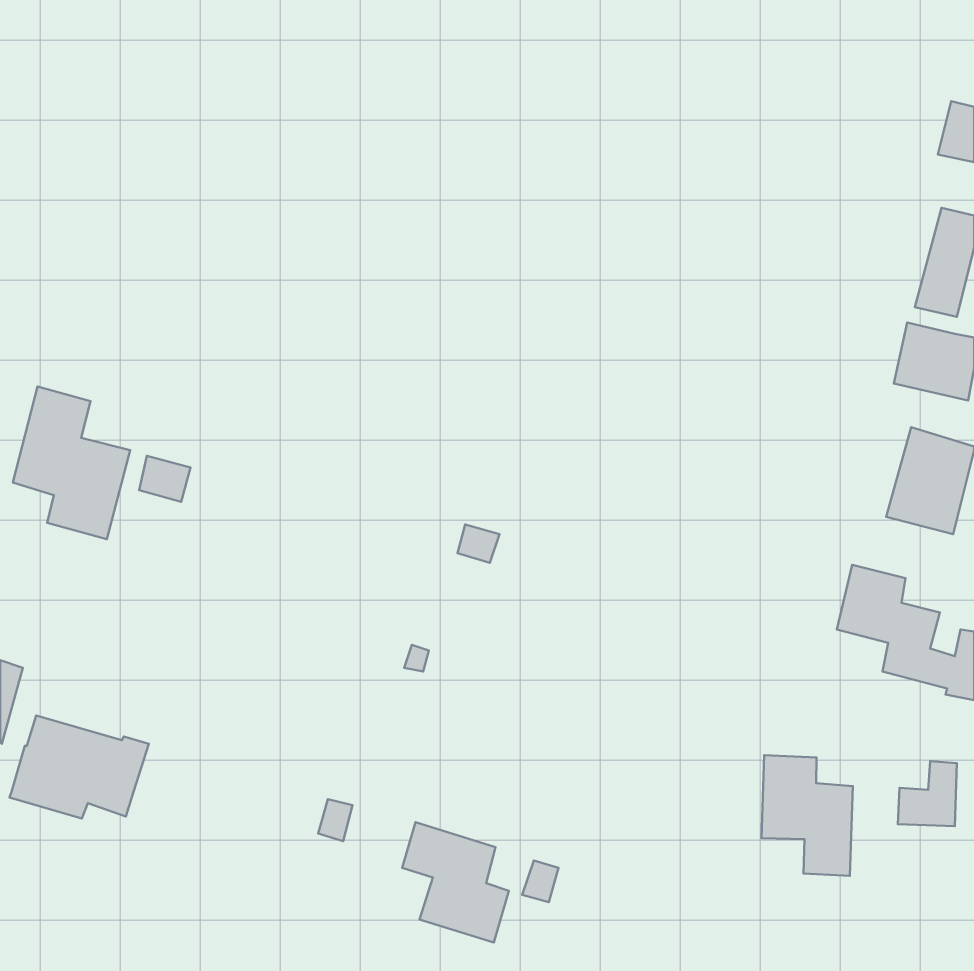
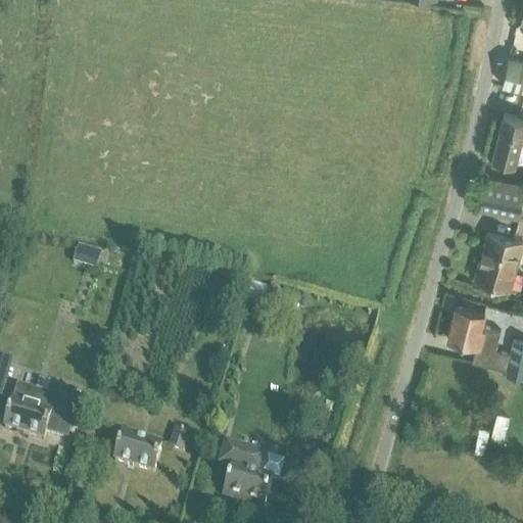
building: [13,386,130,539] -> none
building: [762,755,853,876] -> none
building: none -> [114,432,162,472]

